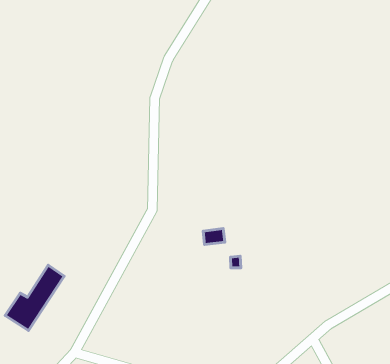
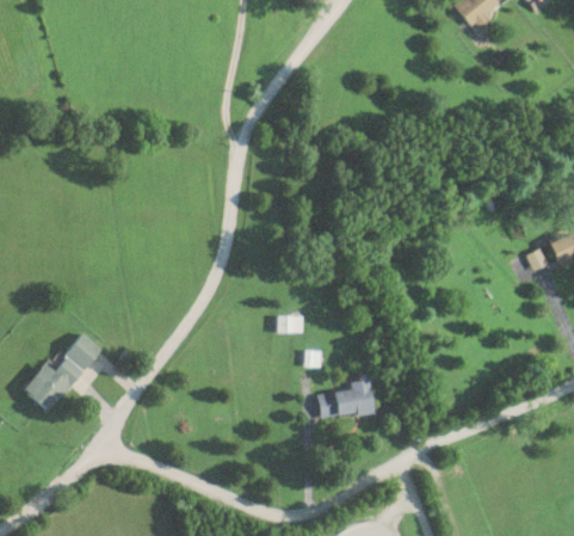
building: none -> [319,378,374,417]

